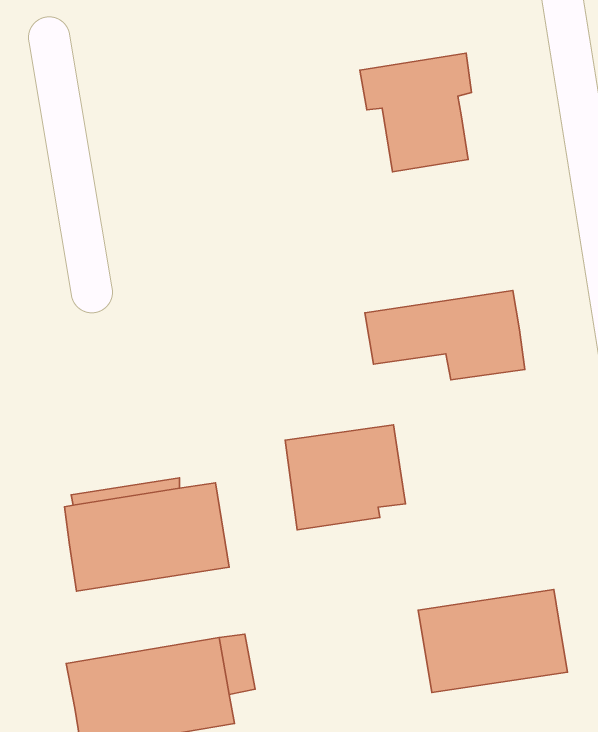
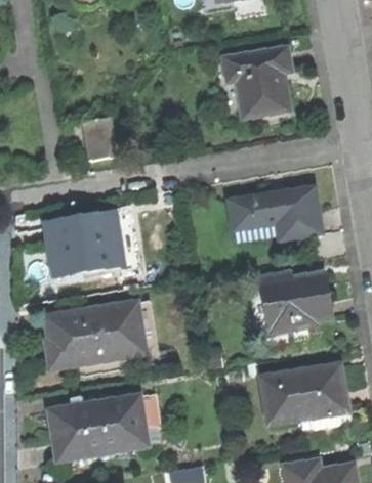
building: none -> [80,115,116,160]
building: none -> [43,216,120,275]
building: [285,425,406,530] -> [260,273,332,336]

